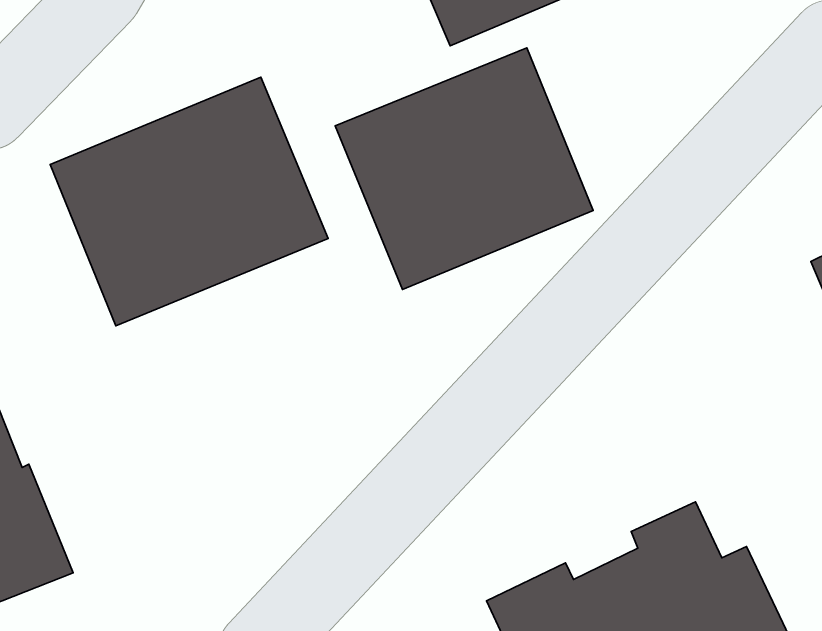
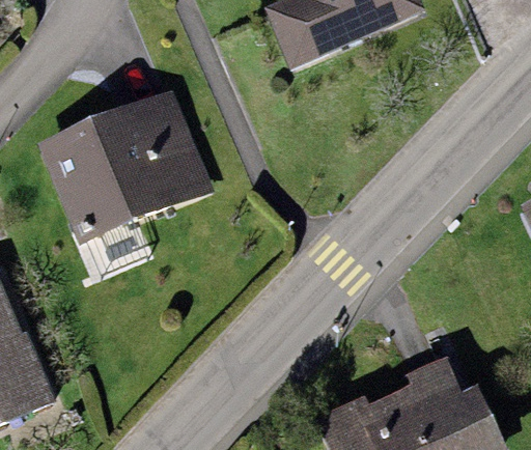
building: [335,48,593,289] -> none

